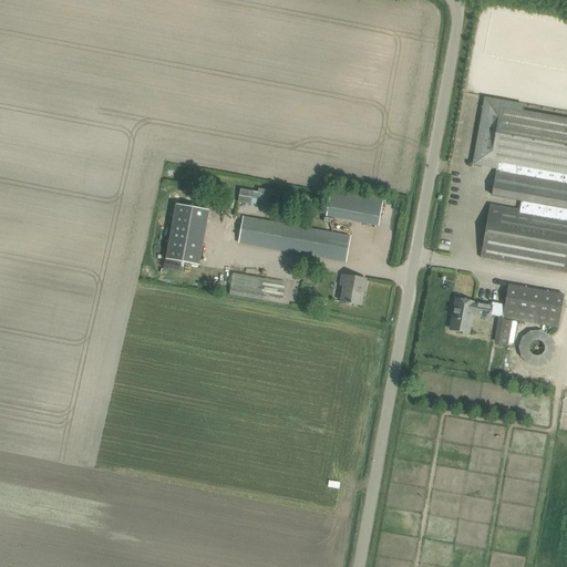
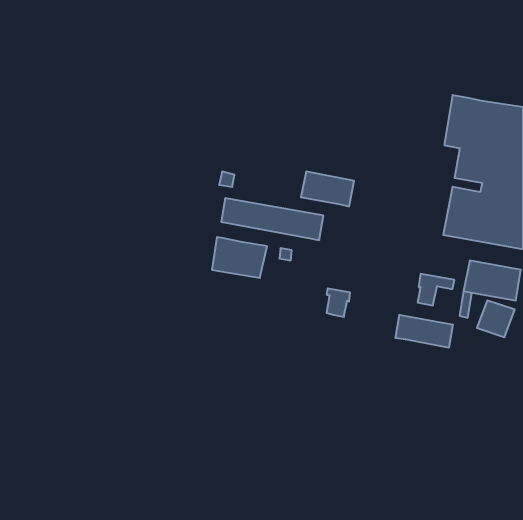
building: [166,203,208,264] -> none
building: [340,272,365,303] -> [327,288,350,317]
building: none -> [395,315,453,348]

